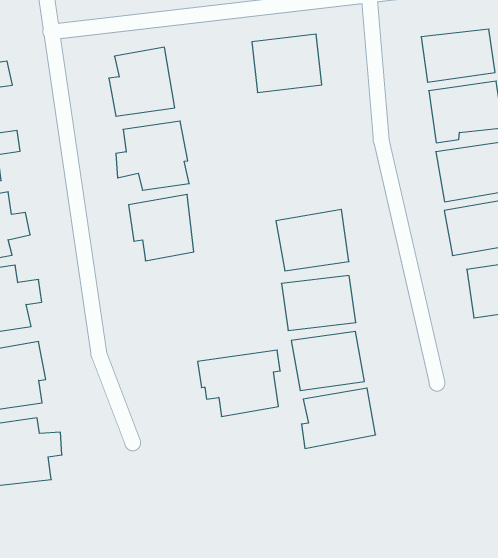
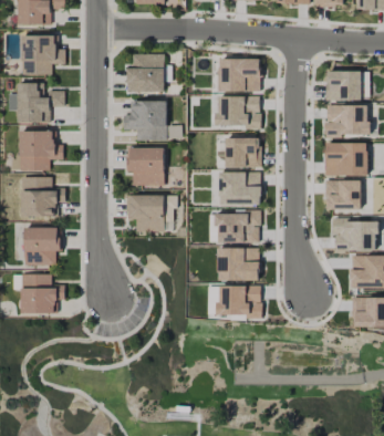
building: none -> [216,96,260,128]
building: none -> [225,138,260,167]
building: [198,350,280,416] -> [126,196,177,232]

